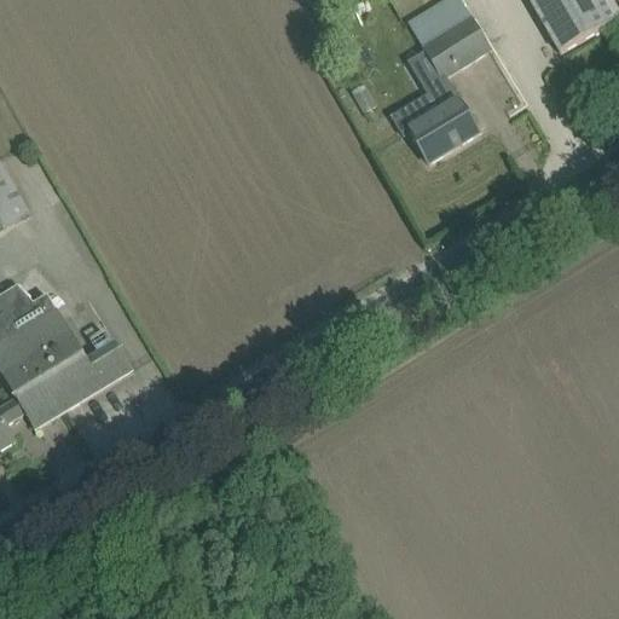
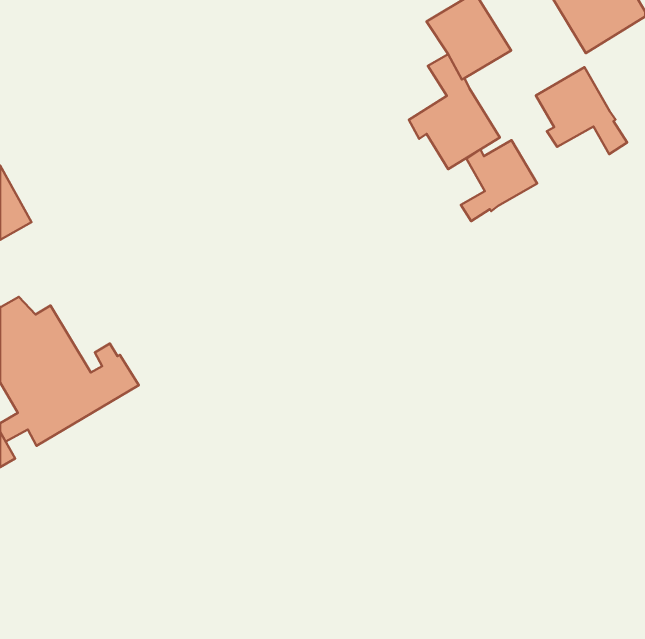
building: none -> [536,67,627,154]
building: none -> [461,140,537,221]

